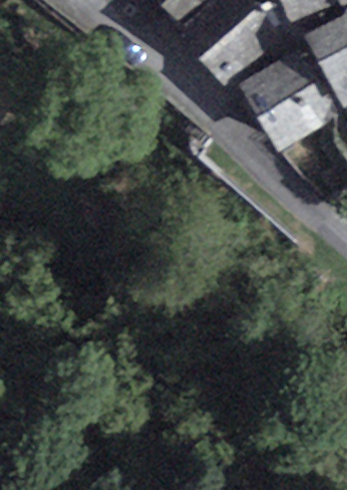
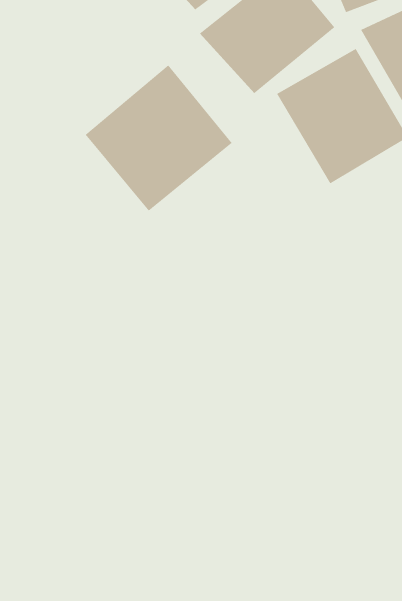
building: none -> [85,64,233,212]

